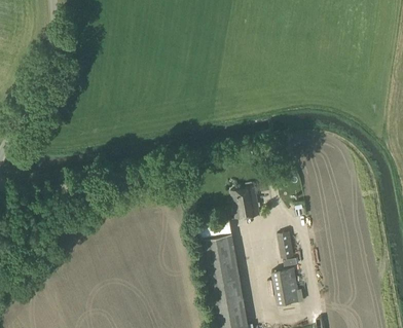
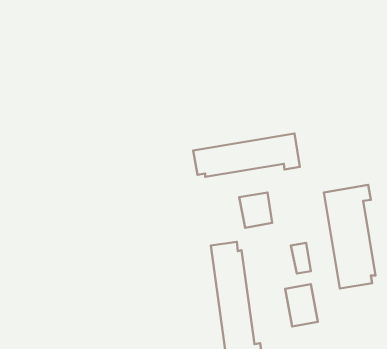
building: none -> [193,134,300,177]
building: none -> [324,185,376,288]

